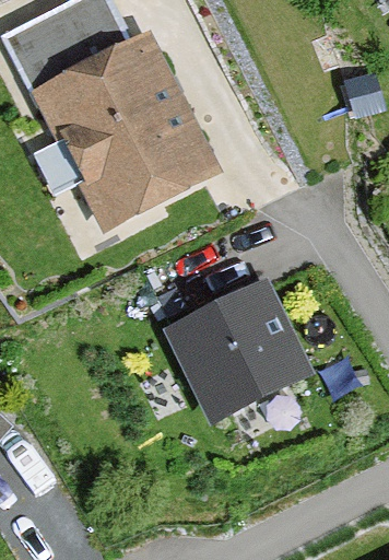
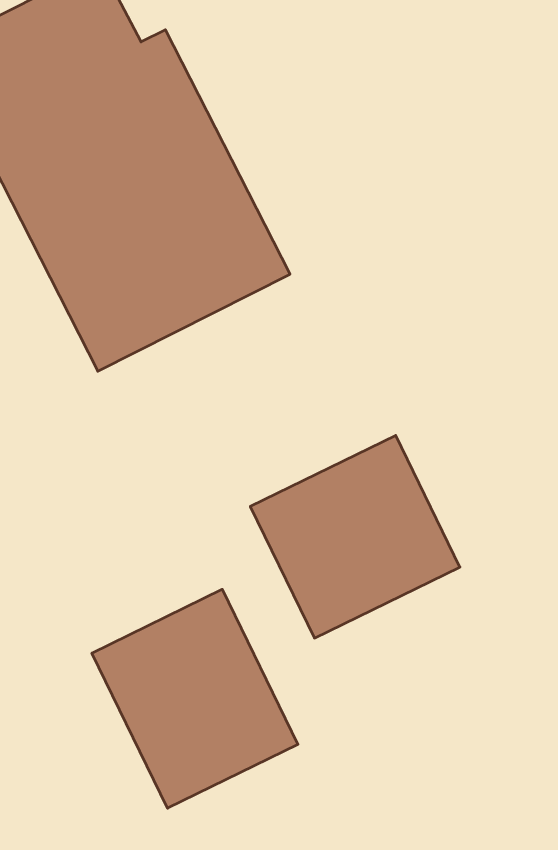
building: none -> [92,589,298,808]

